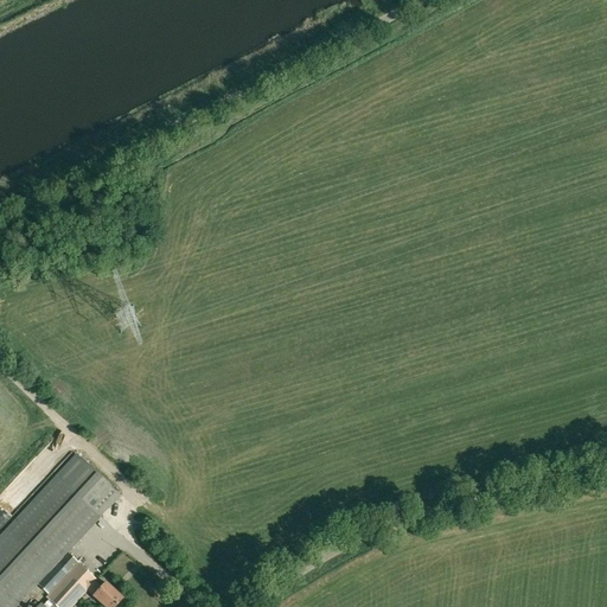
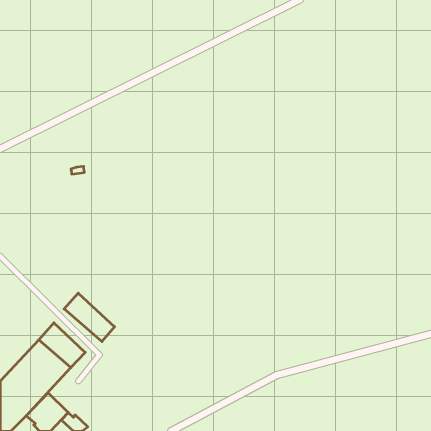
building: none -> [64,293,115,342]

